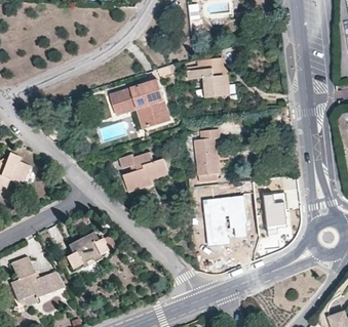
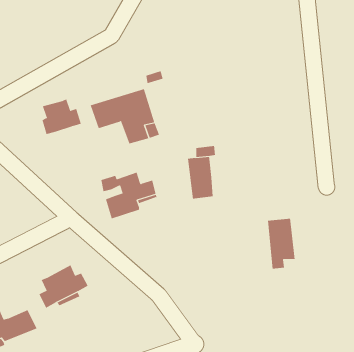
building: [199,67,229,96] -> none
building: none -> [42,99,82,135]
building: [203,195,246,246] -> none

